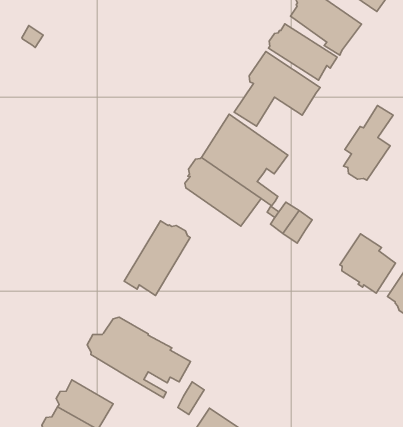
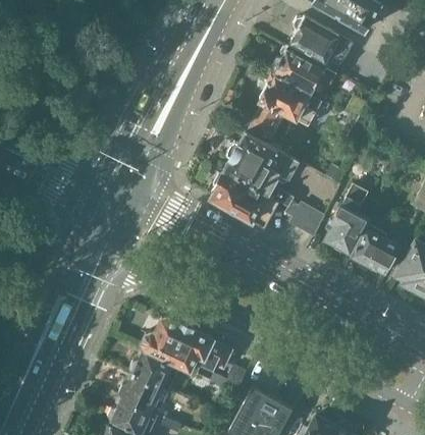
building: [343,106,393,180] -> [328,186,367,252]
building: [124,221,190,295] -> none
building: none -> [129,350,178,392]

